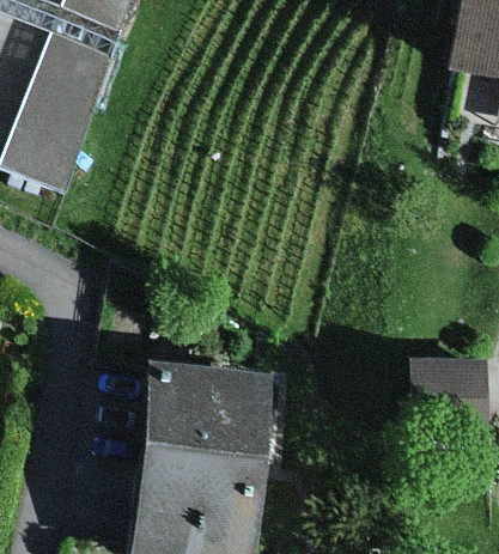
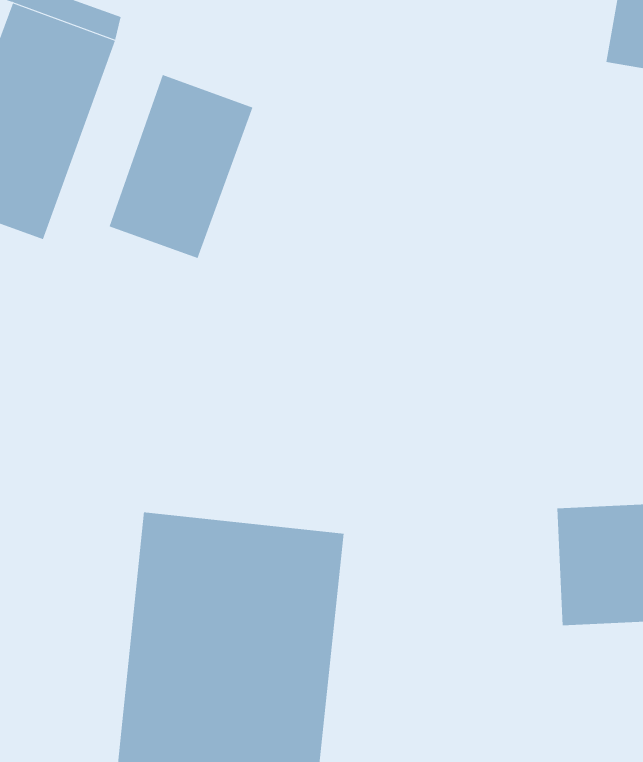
building: none -> [109,74,253,259]

